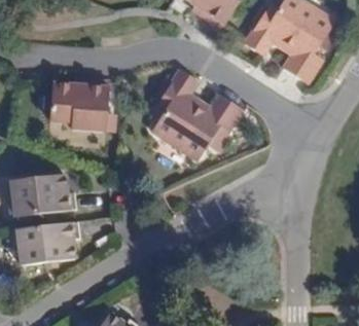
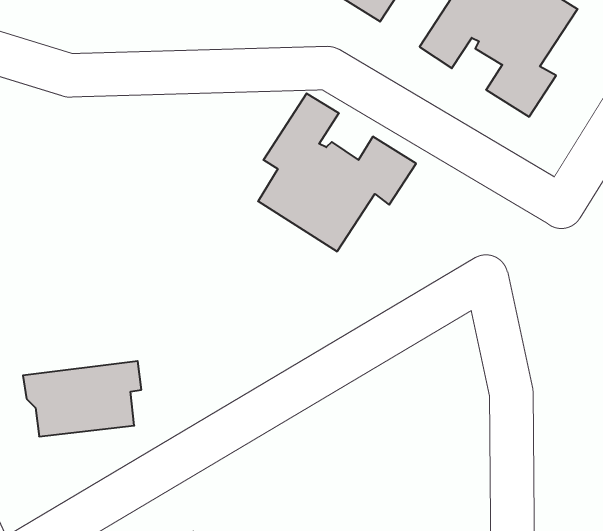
building: [48,78,108,131] -> none
building: [8,173,76,217] -> none

